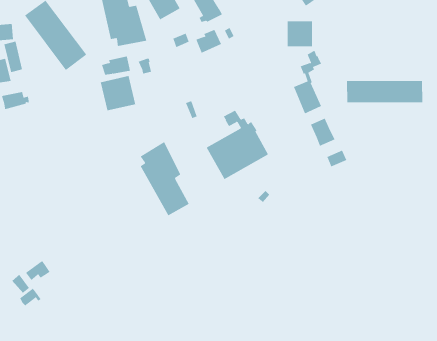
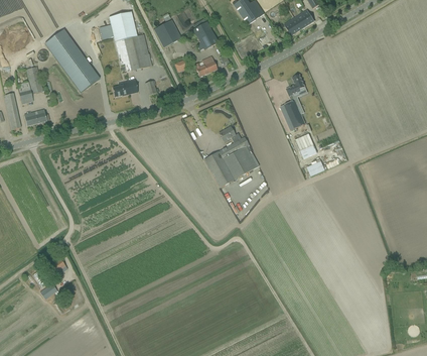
building: [287,21,313,47] -> none
building: [100,75,136,111] -> none
building: [346,80,423,103] -> none
building: [140,141,189,216] -> none

